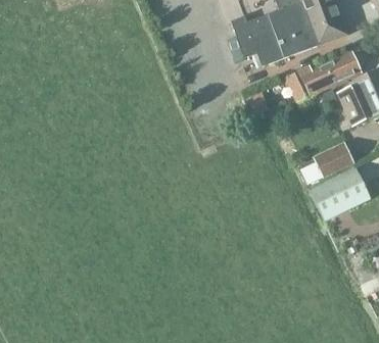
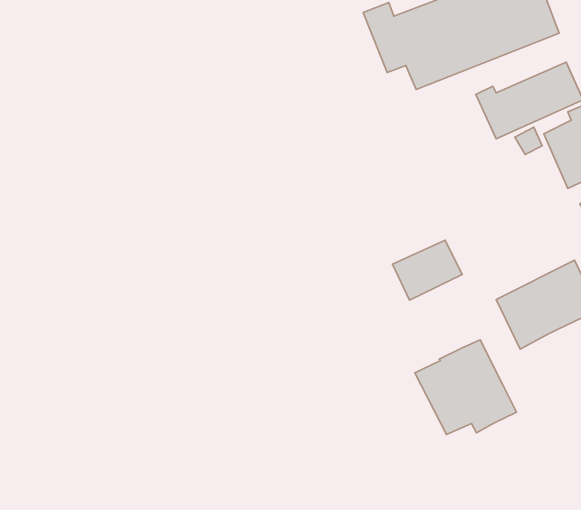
building: [313,142,354,178] -> [392,240,462,300]
building: none -> [415,340,516,435]

